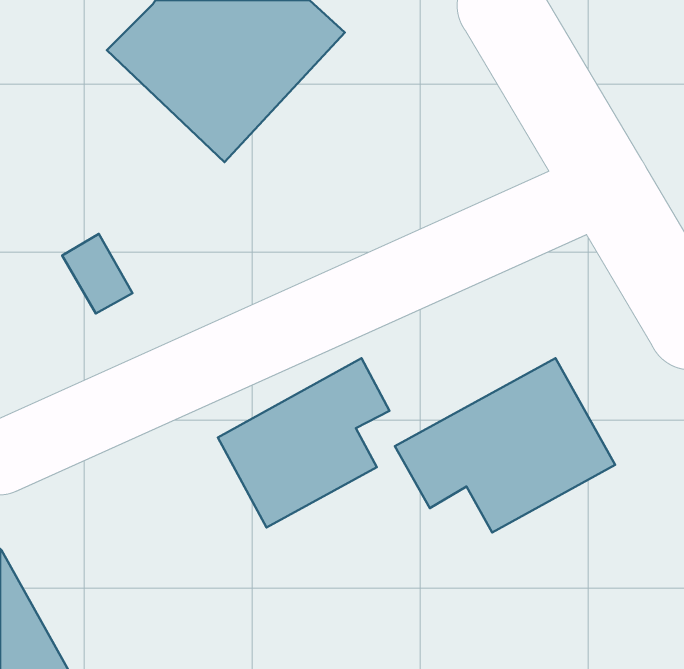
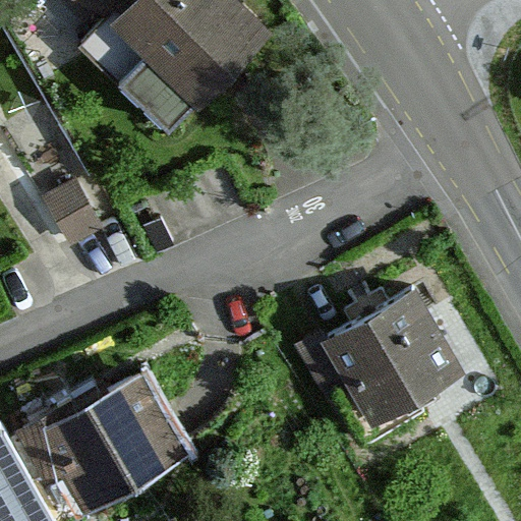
building: [218,358,390,528] -> none
building: none -> [25,373,188,511]

